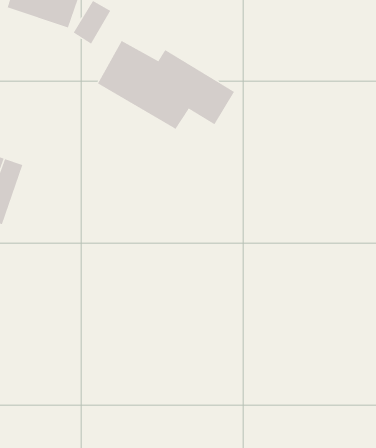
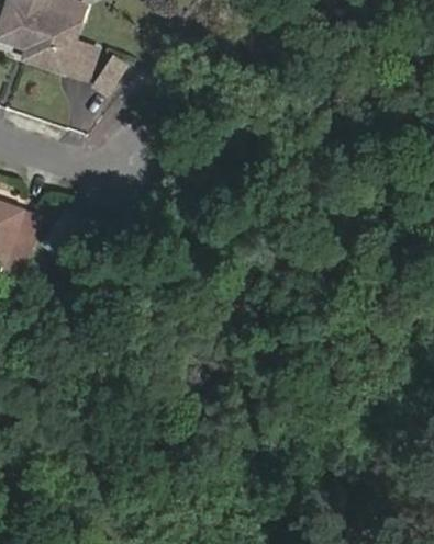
building: [97,40,235,130] -> none

